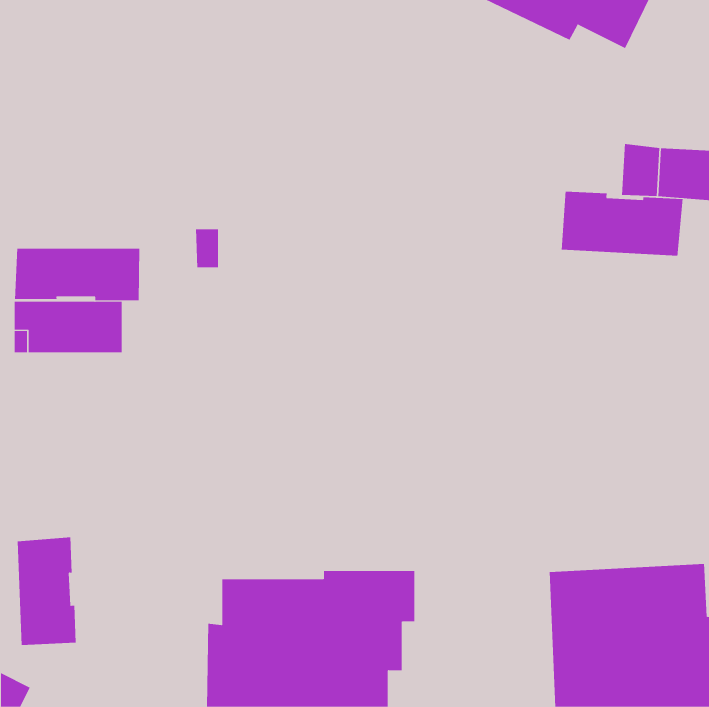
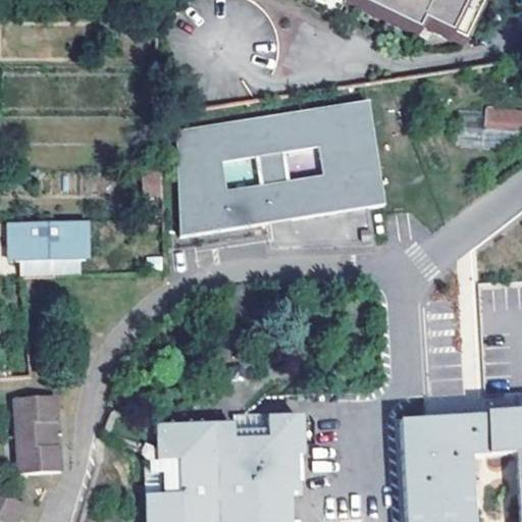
building: none -> [166,100,384,233]
building: [561,191,683,257] -> none
building: [14,248,140,301] -> none

